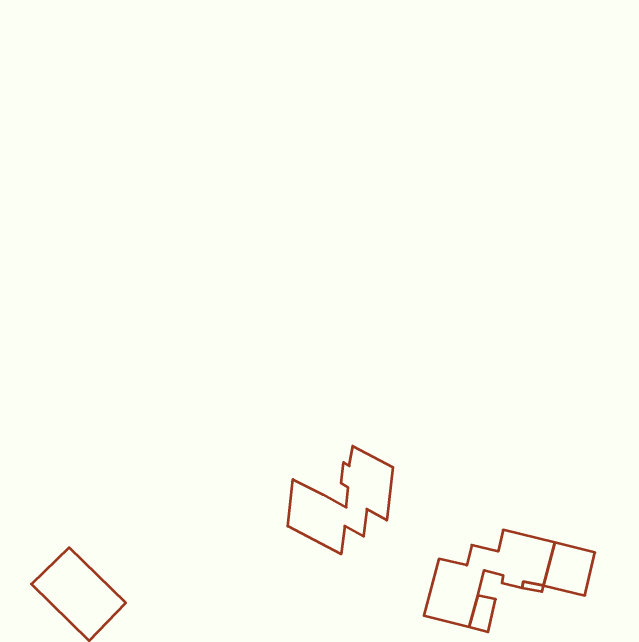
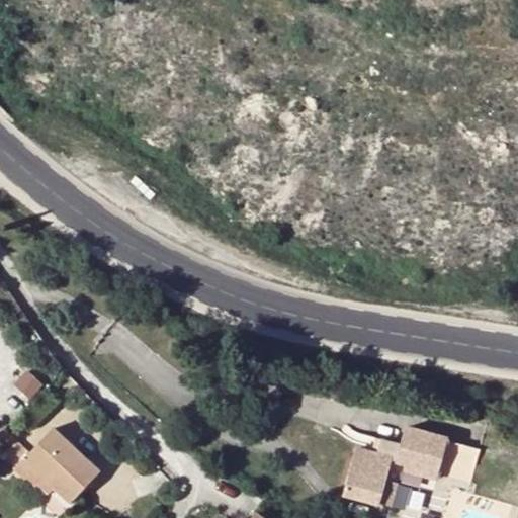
building: [288,446,393,554] -> none

